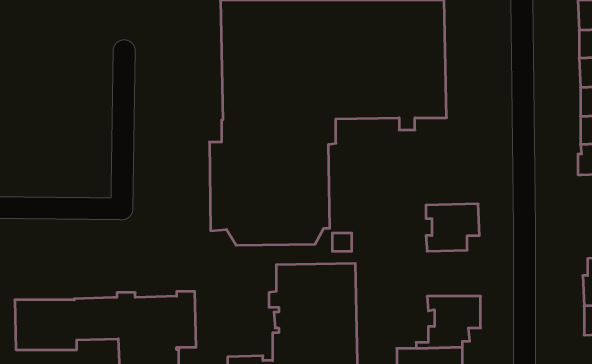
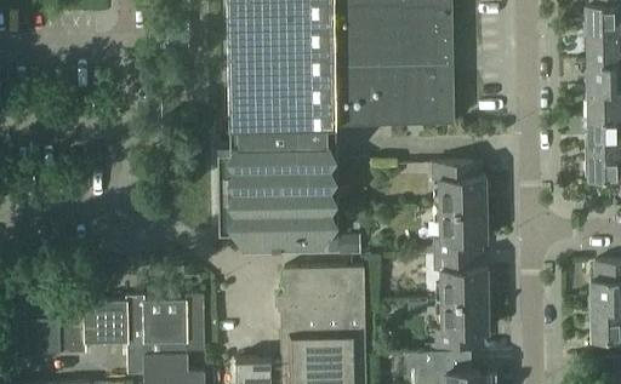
building: none -> [433,164,486,210]
building: none -> [435,254,489,300]

